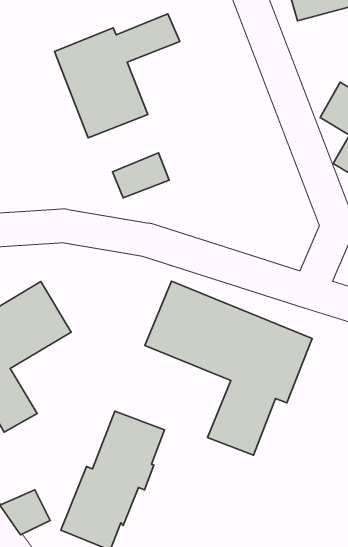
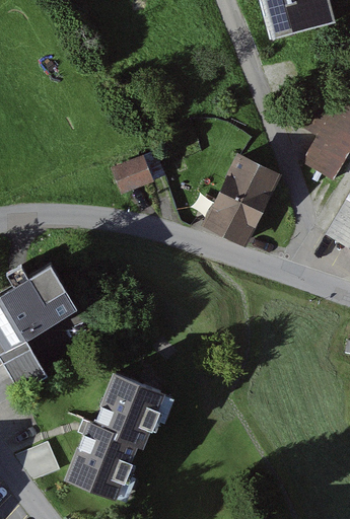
building: [55,14,180,138] -> none
building: none -> [207,157,277,243]
building: [145,281,312,455] -> none

